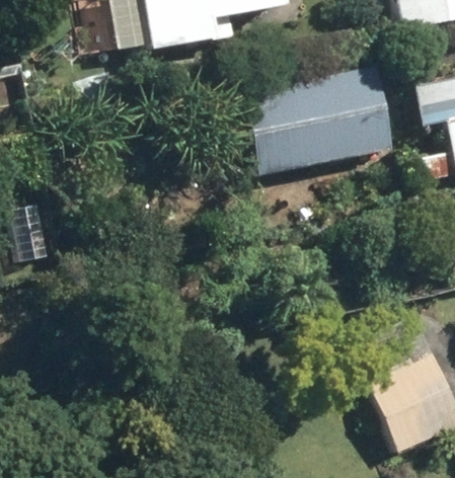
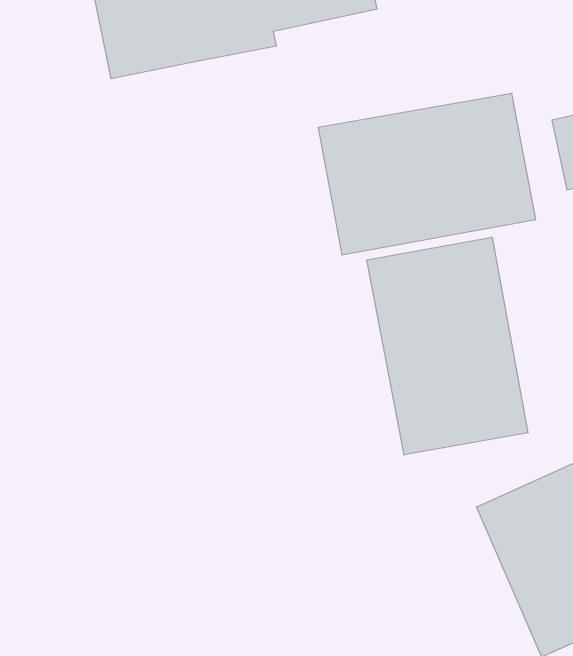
building: none -> [367,237,528,455]

